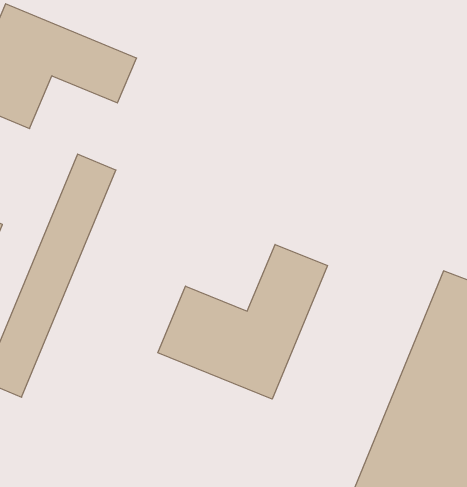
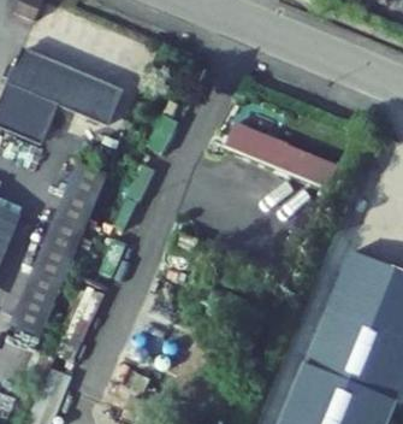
building: none -> [227,123,334,184]
building: [158,244,327,399] -> none

